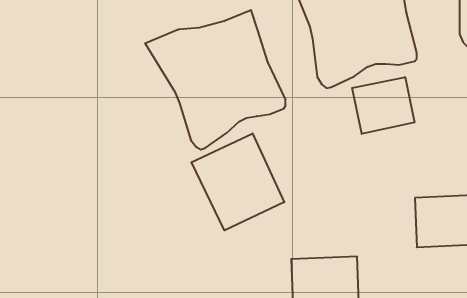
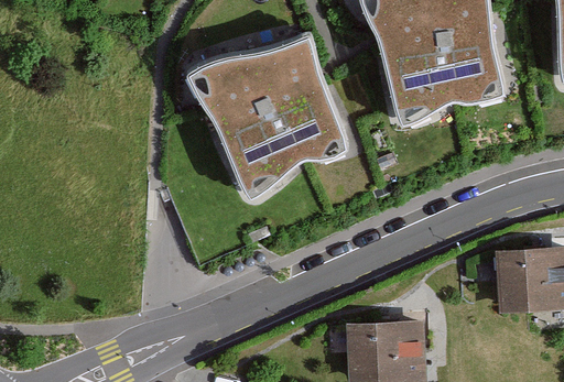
building: [352,77,415,134] -> none
building: [192,133,284,230] -> none

